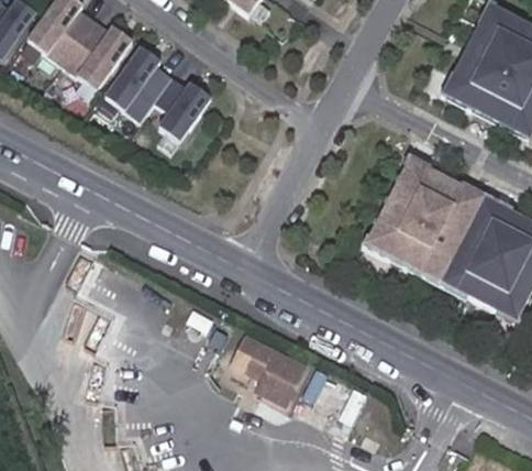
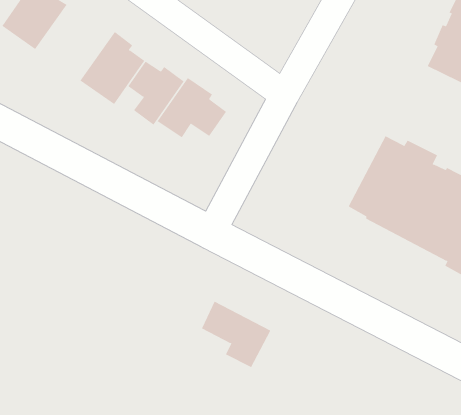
building: [58,29,128,98] -> none
building: none -> [157,77,227,138]

